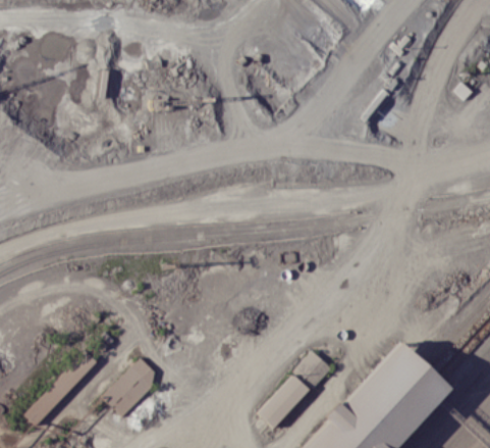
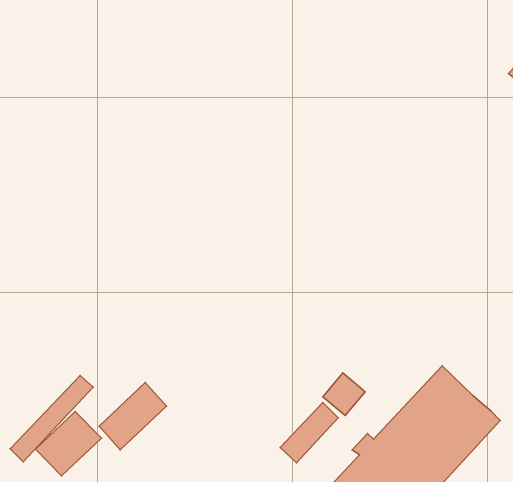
building: none -> [36,412,101,476]

